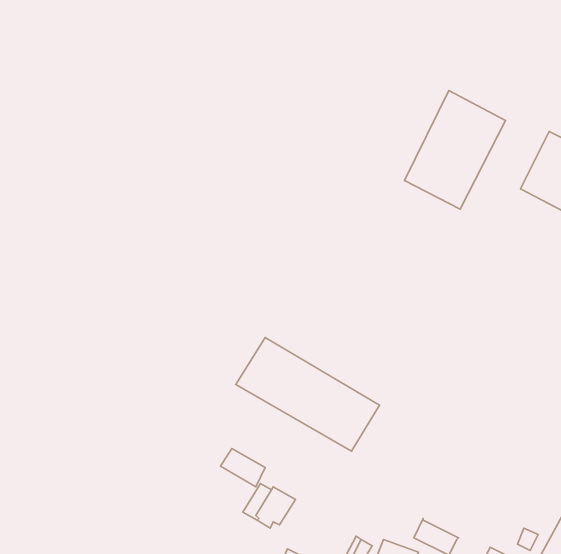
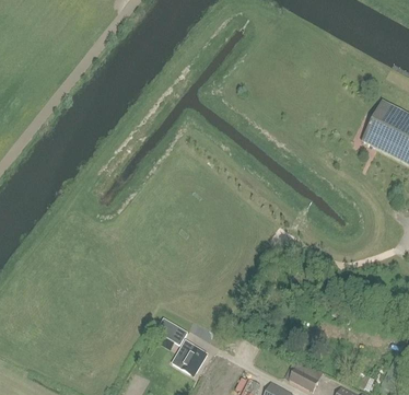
building: [404,91,505,209] -> none
building: [236,338,379,451] -> none

